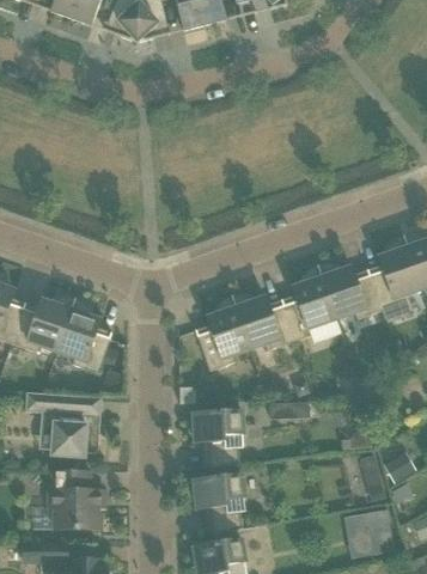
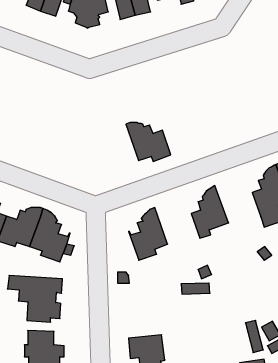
building: [317,263,382,318] -> none
building: [232,293,295,348] -> [126,123,171,161]
building: [195,411,244,468] -> none

